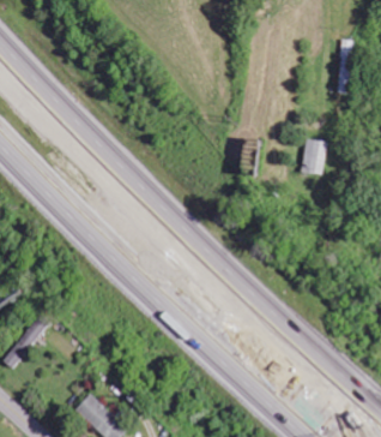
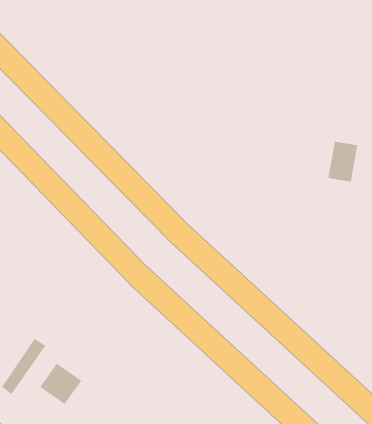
building: none -> [39,363,82,405]

